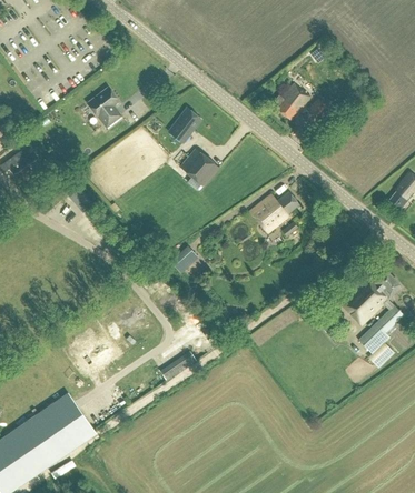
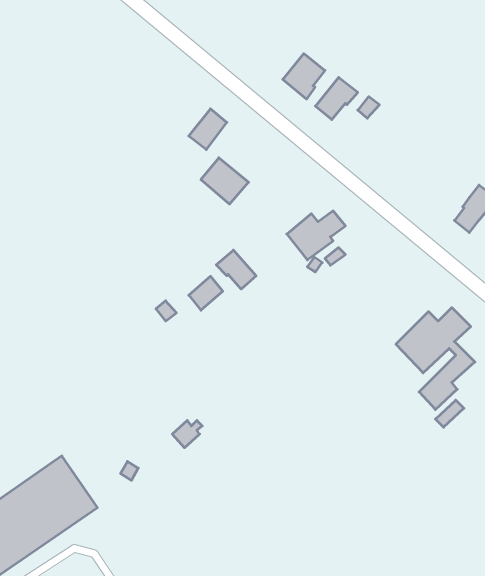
building: none -> [283,54,325,99]
building: [89,88,123,128] -> none
building: none -> [216,250,256,289]

